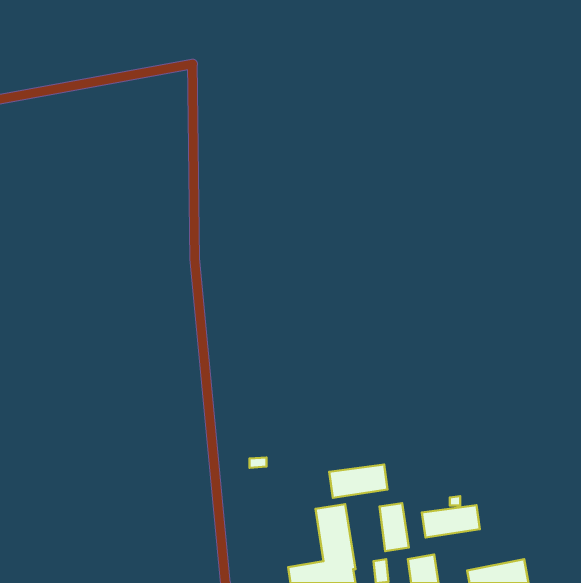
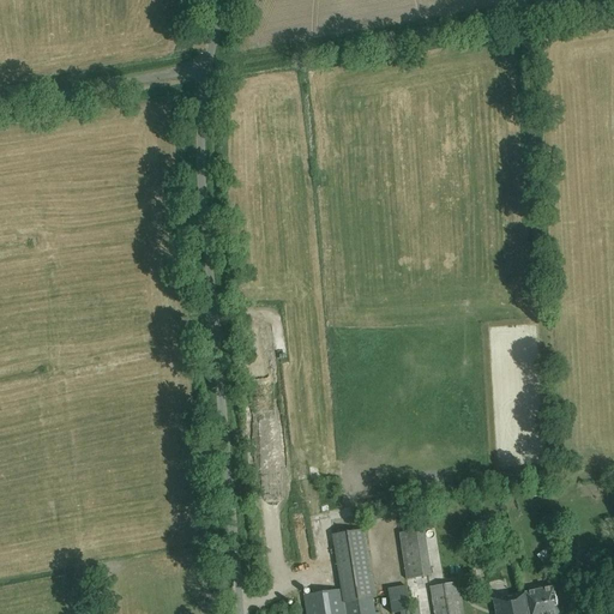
building: [329,465,388,498] -> none
building: [422,505,480,538] -> none

